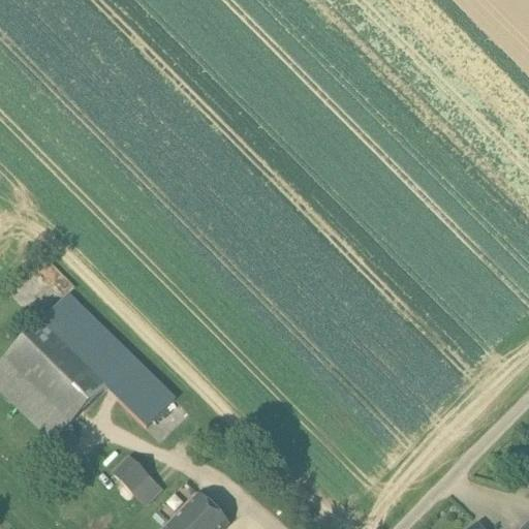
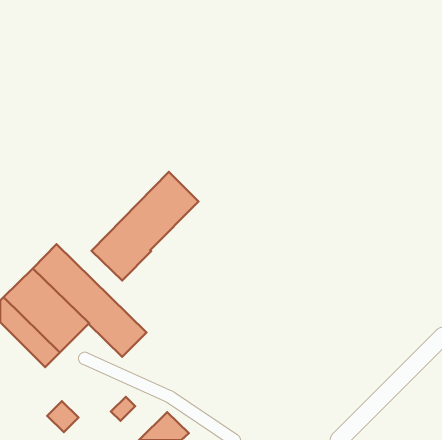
building: none -> [91,172,199,280]
building: [114,454,151,491] -> [47,401,78,432]

